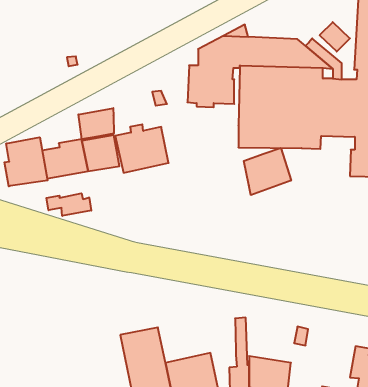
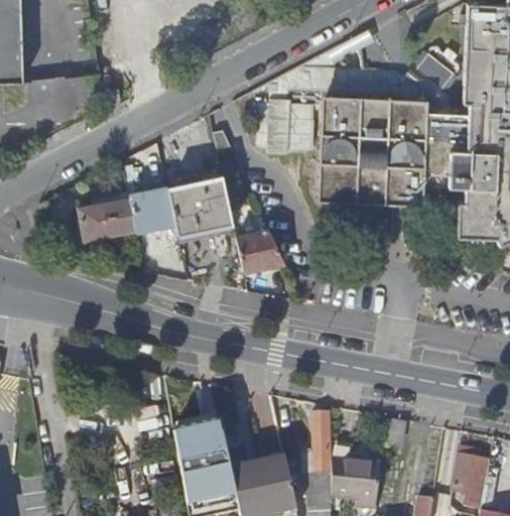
building: [78,108,114,139] -> none
building: [4,137,48,186] -> none
building: [244,148,291,195] -> none
building: none -> [238,232,285,273]
building: [46,193,91,216] -> none

